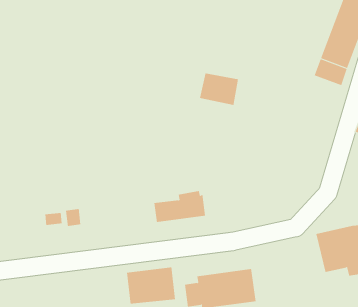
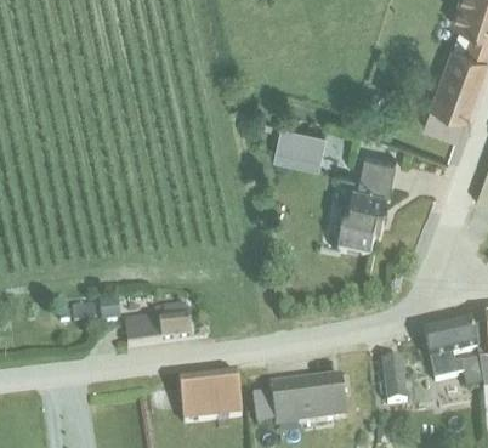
building: none -> [339,147,397,256]
building: [153,191,206,222] -> [125,301,193,342]
building: none -> [384,356,408,401]

